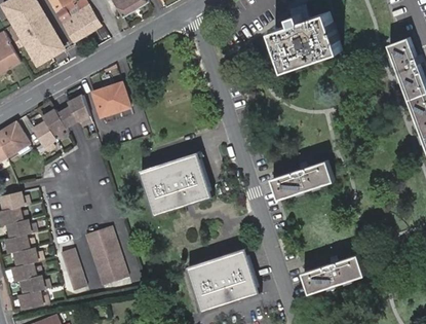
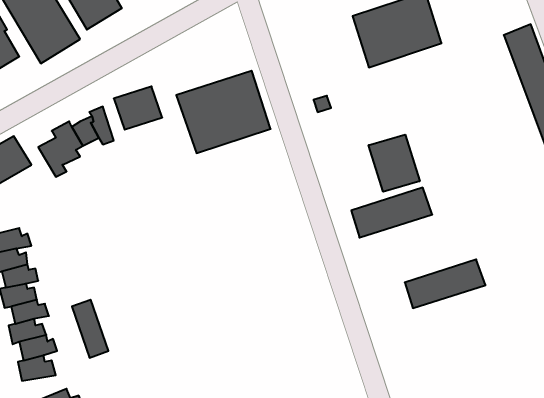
building: none -> [369,135,420,192]
building: [140,152,211,215] -> [176,71,271,153]
building: [85,225,127,285] -> none
building: [188,248,260,311] -> none
building: [303,255,364,292] -> [405,259,486,308]

